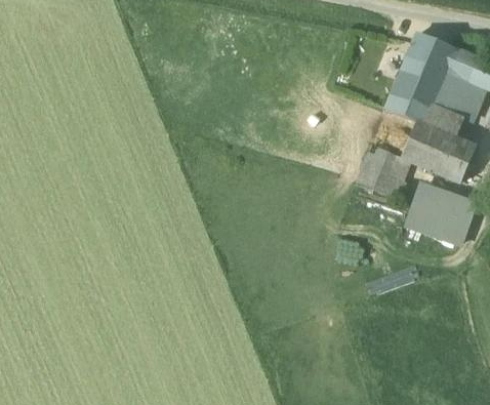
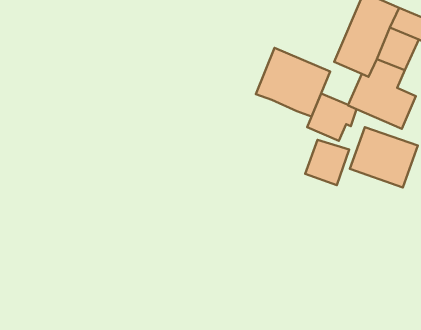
building: none -> [256,48,330,116]
building: none -> [305,140,349,185]

